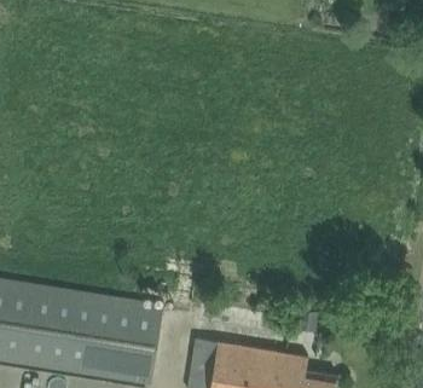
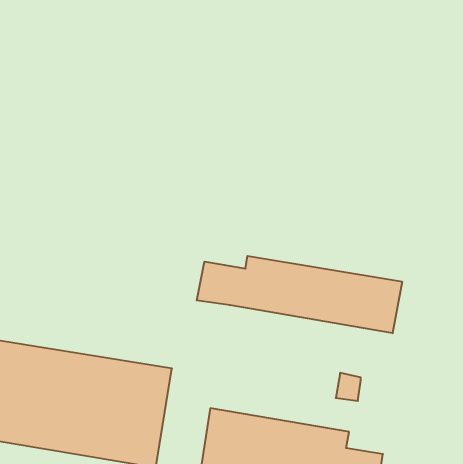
building: none -> [197,256,402,333]

